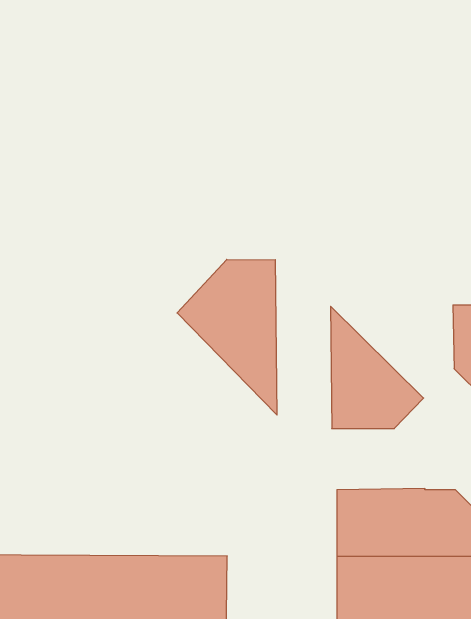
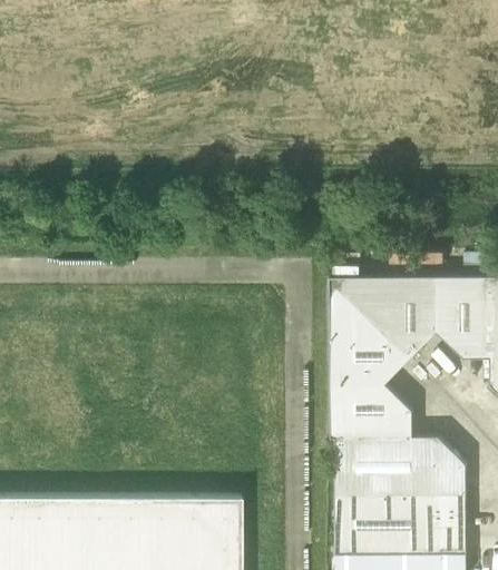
building: [177,259,277,415] -> none
building: none -> [331,278,439,360]
building: none -> [332,386,413,440]

